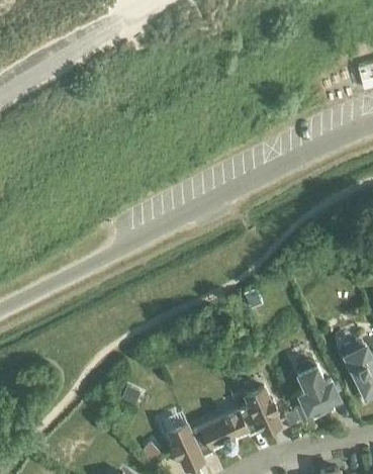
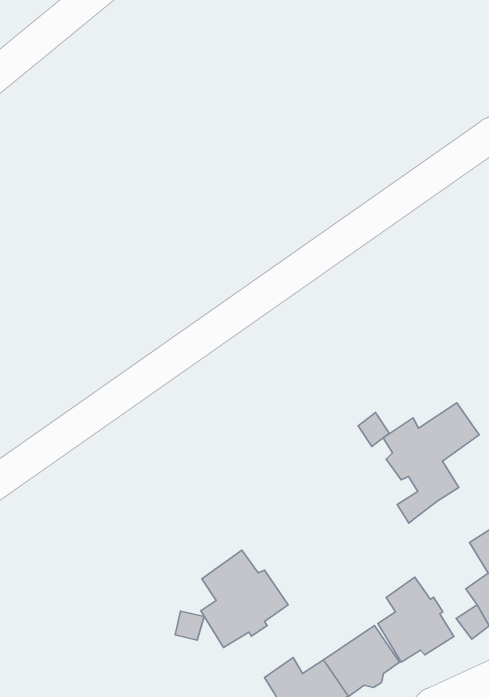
building: none -> [383,403,479,523]
building: none -> [201,550,288,648]

